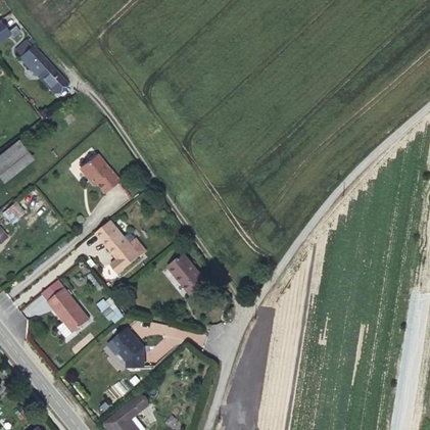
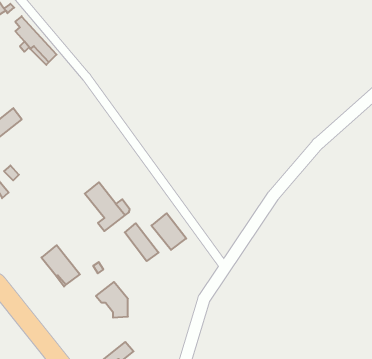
building: [81,153,118,192] -> none
building: none -> [125,223,159,261]

